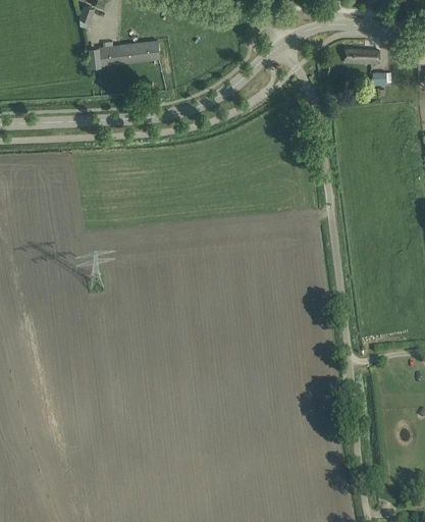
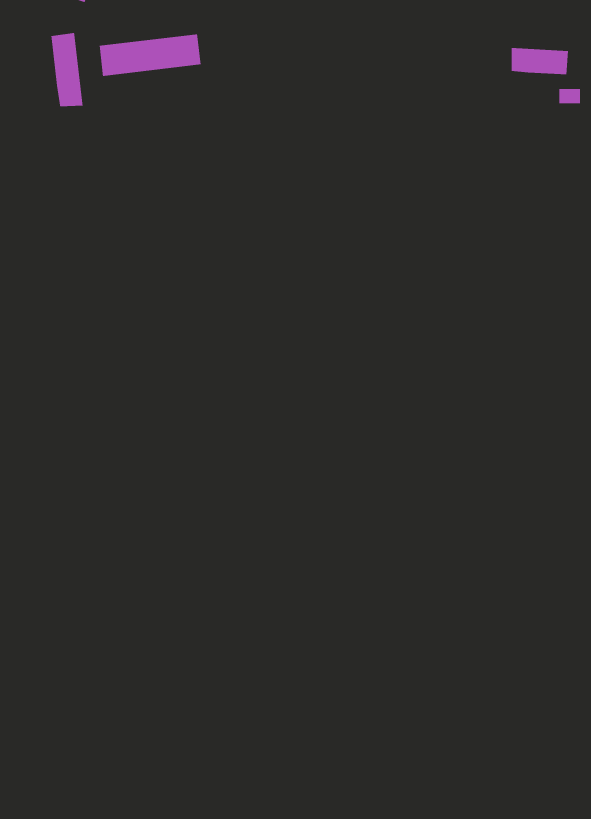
building: none -> [51,32,83,107]

